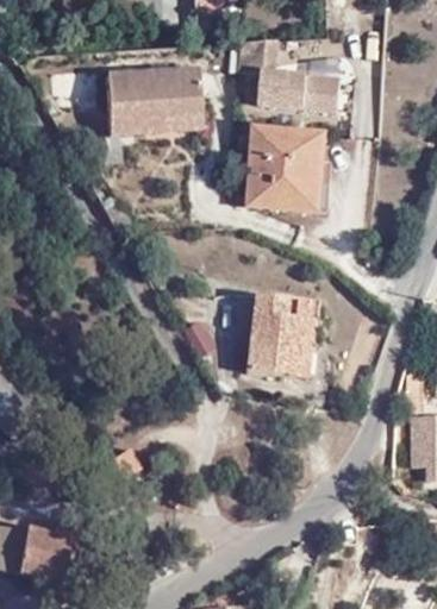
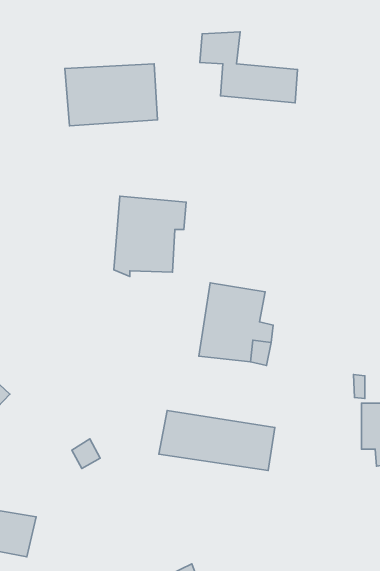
building: [263,121,338,205] -> [114,196,186,277]
building: none -> [159,410,275,471]

